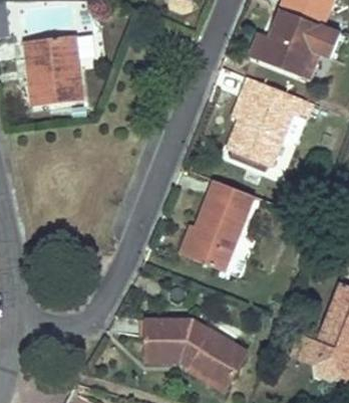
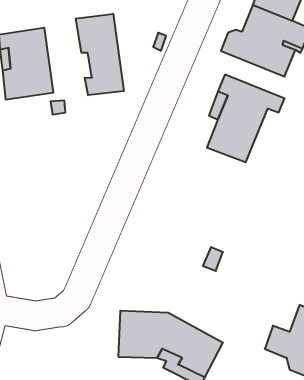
building: none -> [76,14,124,95]
building: [180,182,252,267] -> none

